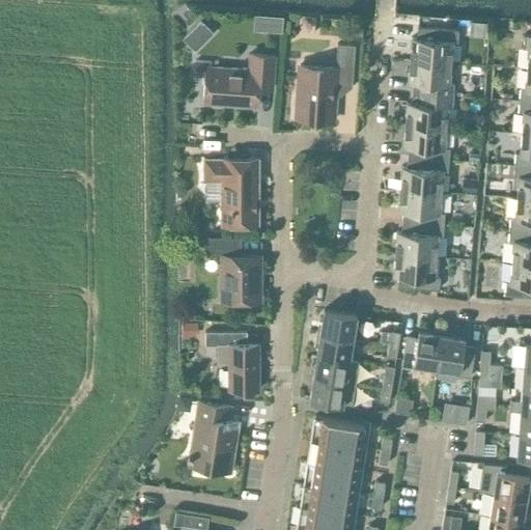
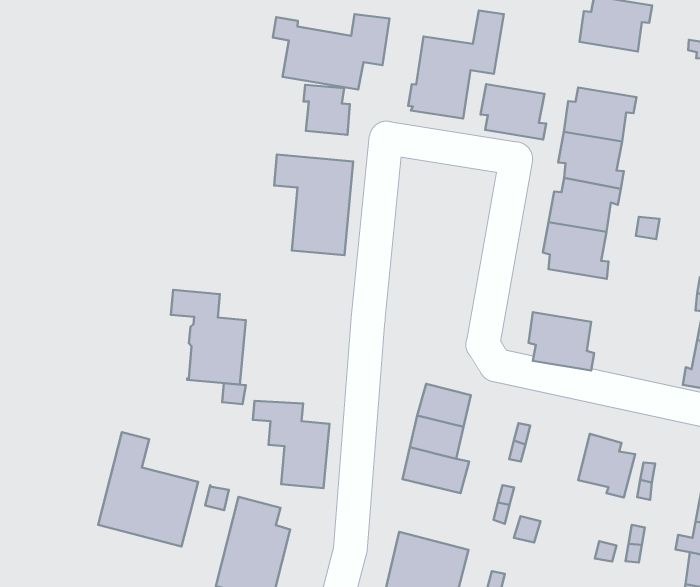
building: [409,61,455,96] -> [480,84,546,139]
building: none -> [304,85,350,135]
building: [395,223,445,257] -> none
building: [207,240,260,302] -> [171,290,246,385]
building: [402,333,443,370] -> none
building: none -> [98,432,198,546]
building: [310,380,356,409] -> none

